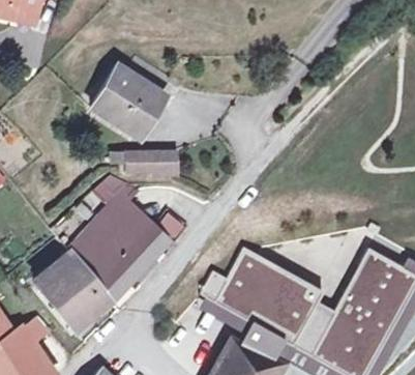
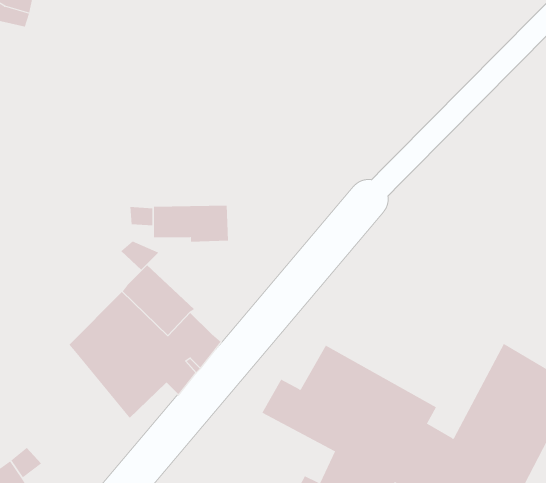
building: [91,56,173,136] -> none
building: [35,254,109,329] -> none

